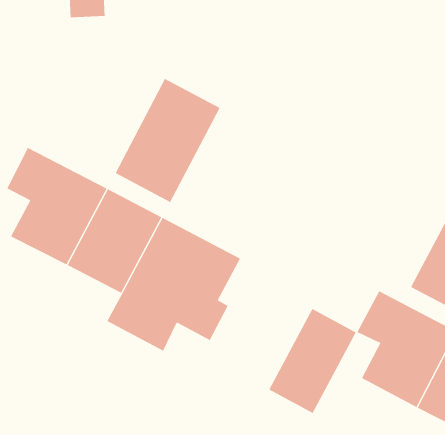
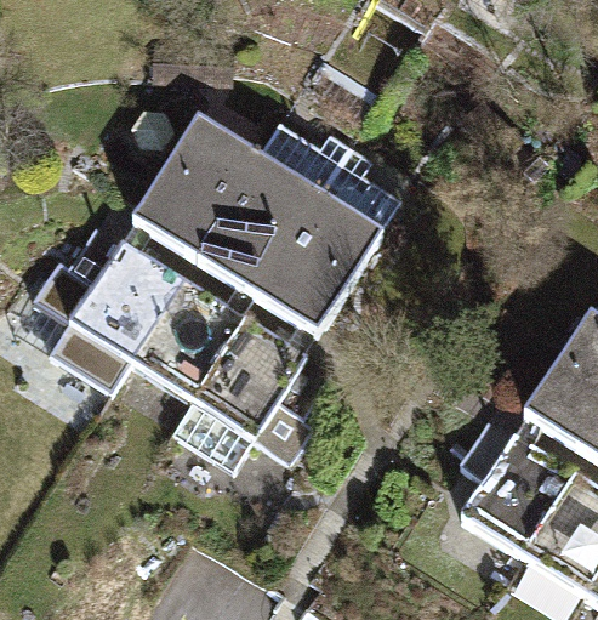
building: none -> [132,114,260,257]
building: none -> [256,190,383,334]
building: [269,308,357,414] -> none

